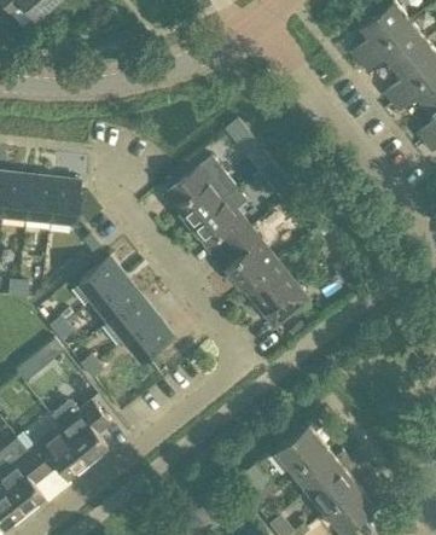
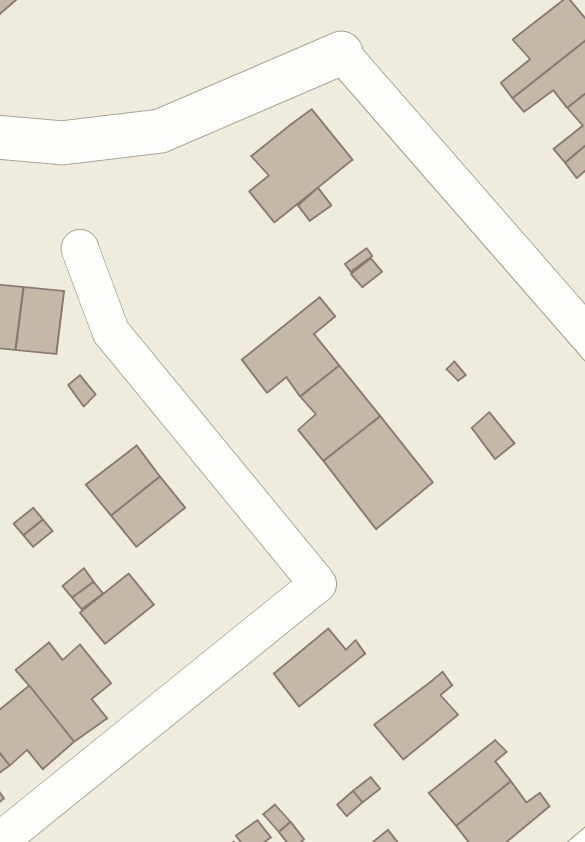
building: [175,155,239,225] -> [249,109,353,222]
building: [79,257,126,302] -> none
building: [126,316,172,360] -> [80,574,154,644]
building: [291,444,348,493] -> [274,628,365,707]

